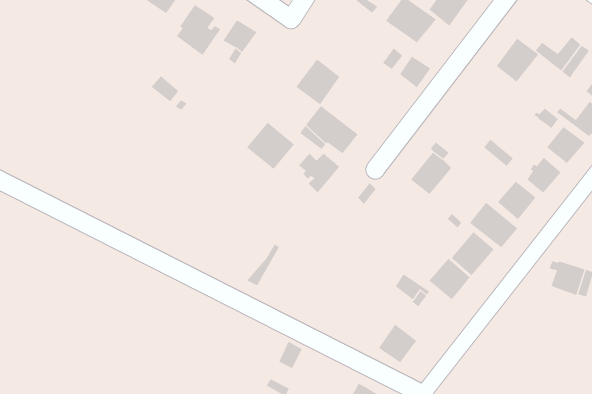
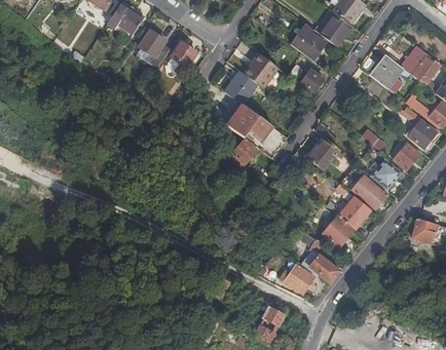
building: none -> [243,52,278,88]
building: [246,122,295,170] -> none
building: none -> [302,252,340,283]

